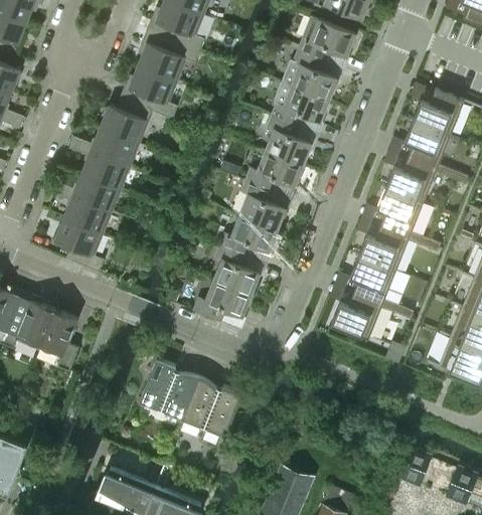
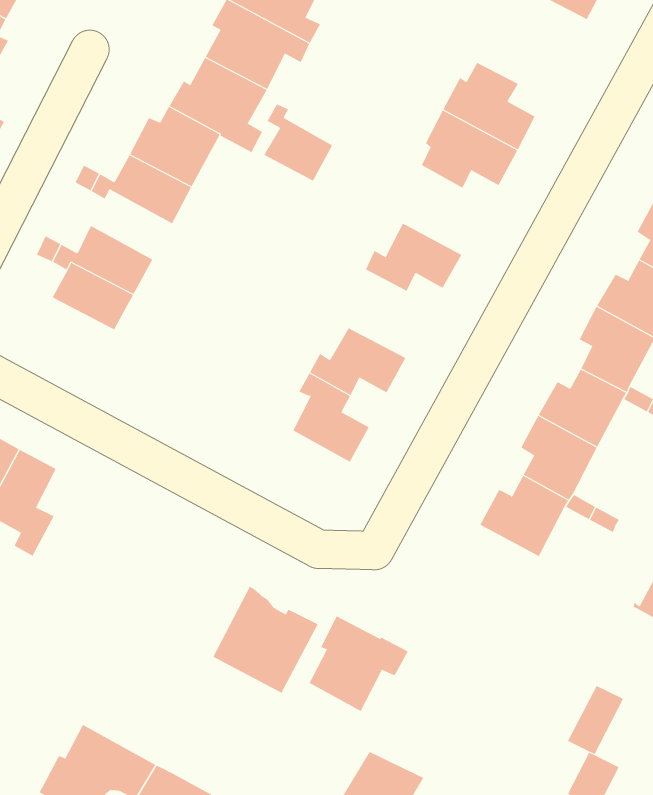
building: [299,16,355,60] -> none
building: none -> [264,103,333,182]
building: [266,115,311,165] -> none
building: [82,150,130,188] -> none
building: [240,180,286,229] -> none
building: [54,217,104,272] -> none
building: [194,280,251,321] -> none
building: [139,358,199,418] -> none
building: none -> [309,616,408,712]
building: none -> [567,685,624,755]

